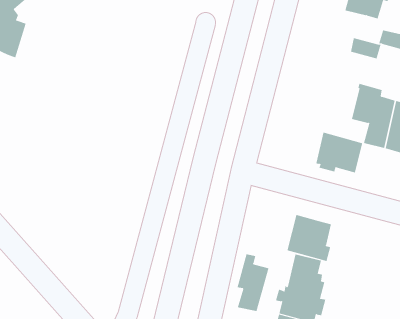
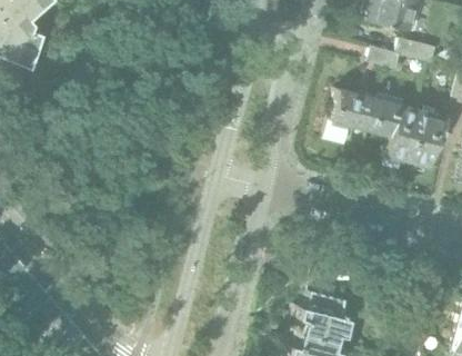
building: [315,132,363,173] -> [331,88,380,130]
building: [287,214,332,262] -> none
building: [237,254,269,312] -> none

